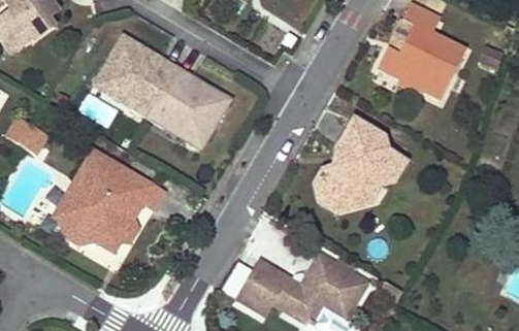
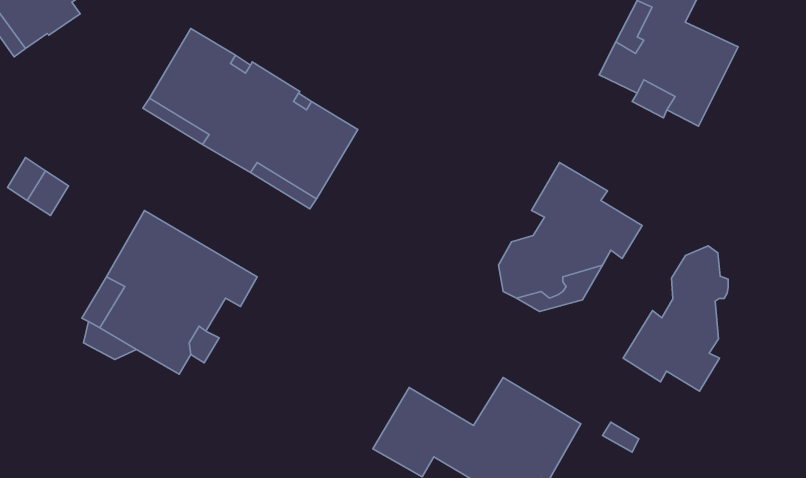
building: none -> [623,246,728,391]

